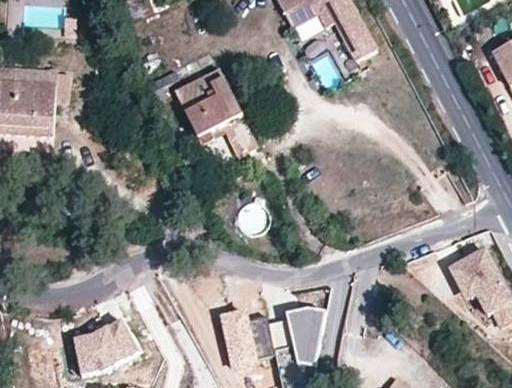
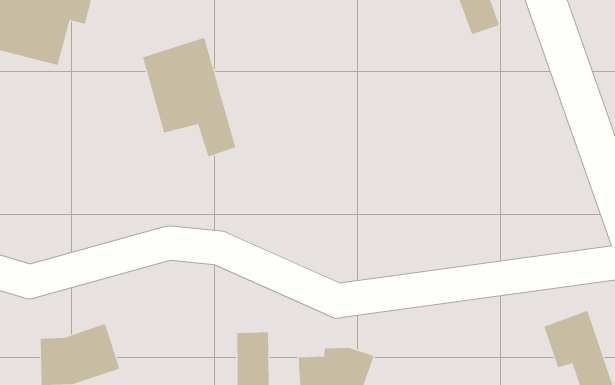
building: [174,68,256,157] -> [142,37,236,157]

